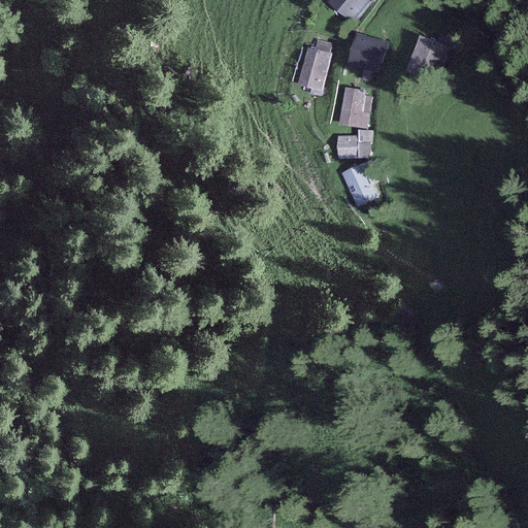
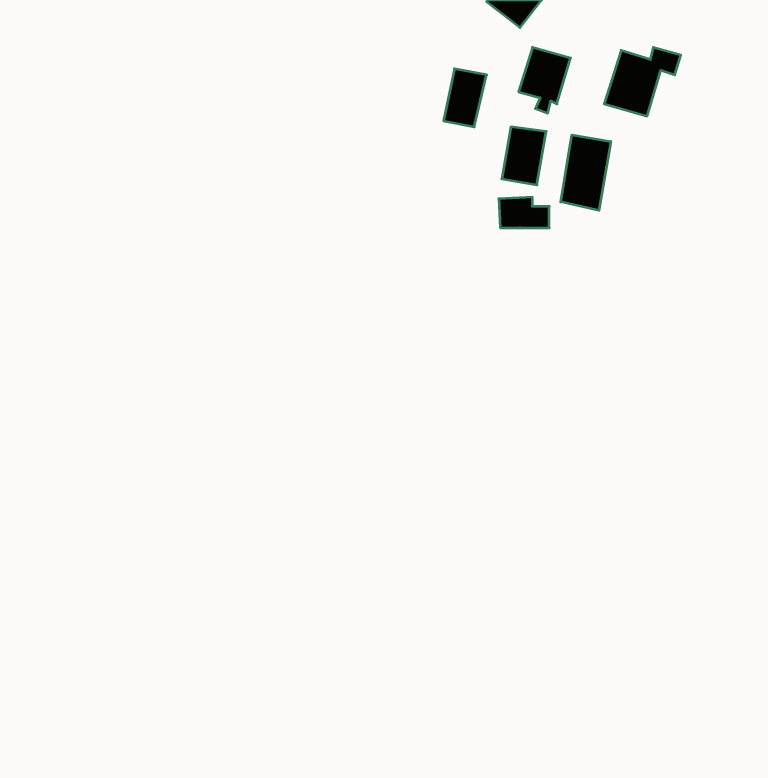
building: none -> [561,135,611,210]
building: [344,161,377,204] -> none

